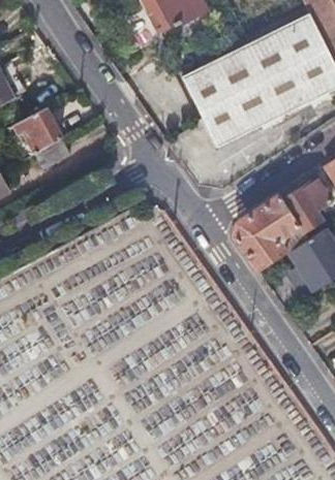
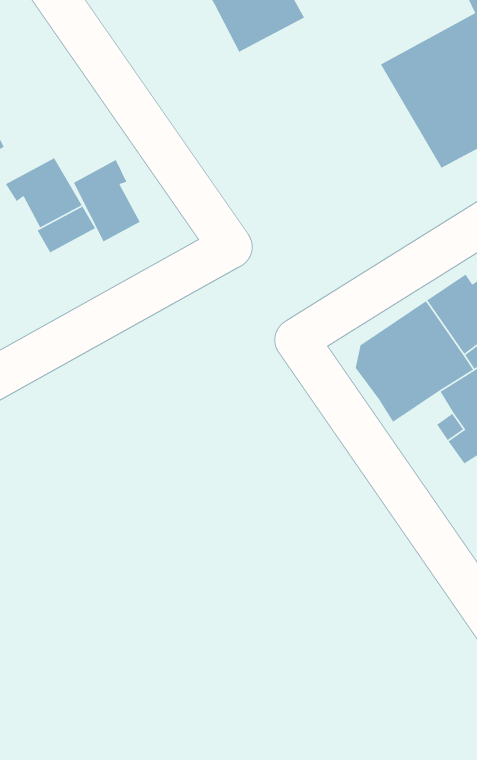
building: [181,45,286,149] -> none
building: none -> [73,159,141,243]

